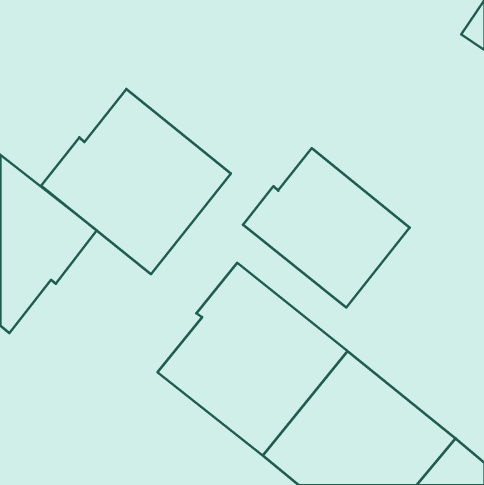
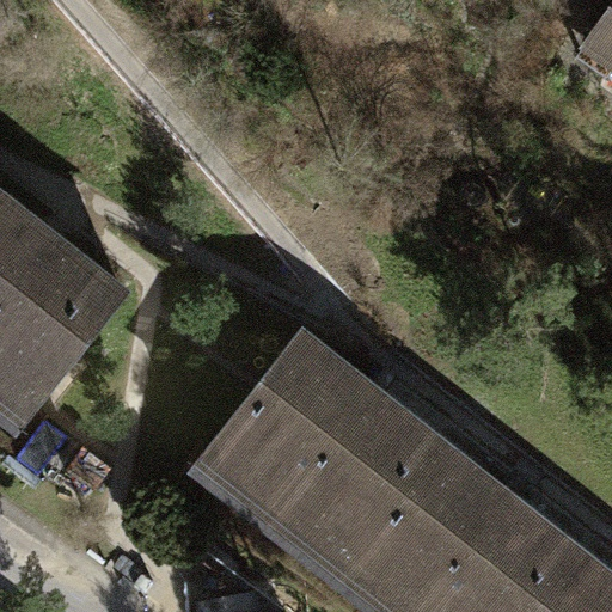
building: [41,89,231,274] -> none
building: [243,148,410,307] -> none

